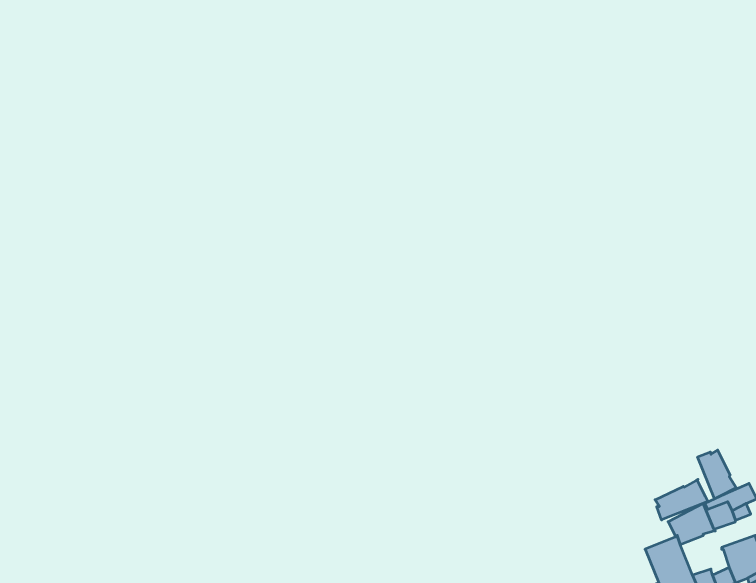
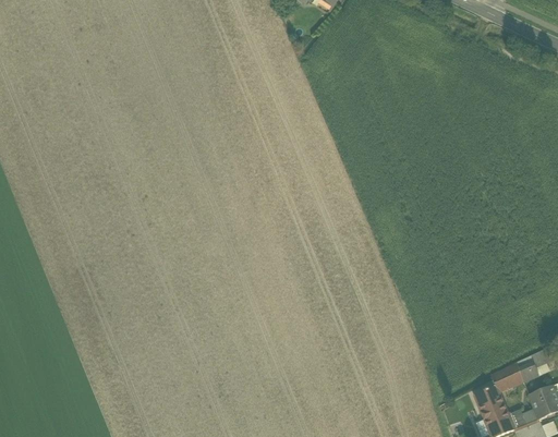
building: [698,450,737,499] -> none
building: [655,479,708,520] -> none

